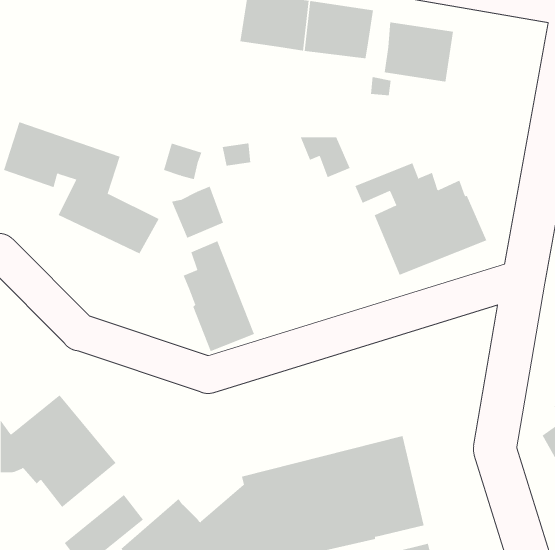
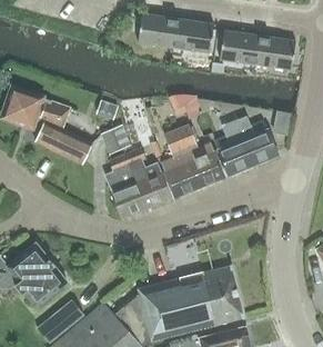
building: none -> [255,36,295,69]
building: none -> [161,123,225,196]
building: none -> [125,148,170,208]

